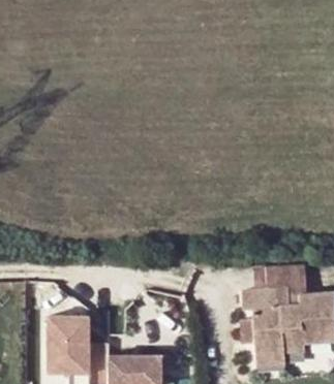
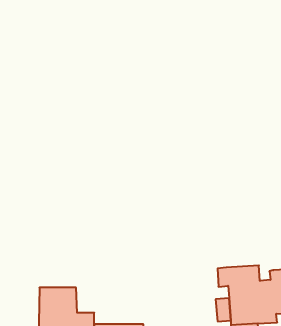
building: [249,268,302,308] -> none

